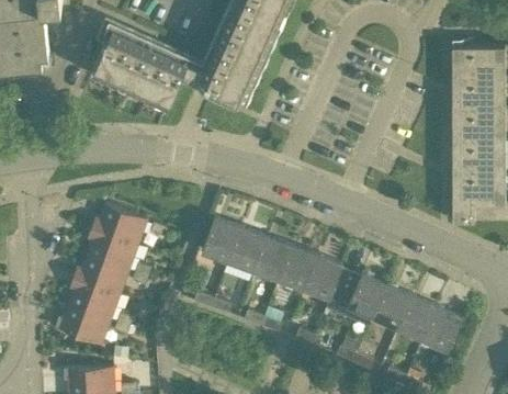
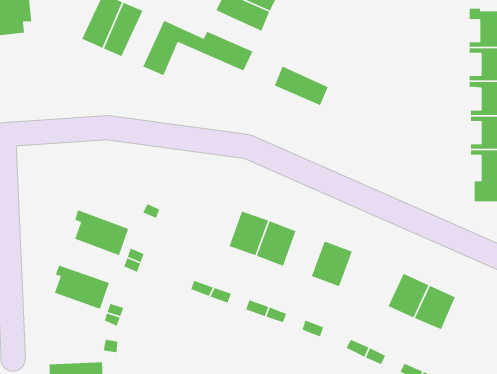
building: [129,46,168,98] -> none
building: [207,46,258,83] -> [274,65,329,106]
building: [89,205,146,246] -> none
building: [201,219,239,262] -> none
building: [278,248,315,290] -> none
building: [71,256,127,295] -> none
building: [326,274,387,328] -> none
building: [53,305,110,346] -> none
building: [422,308,461,351] -> none

